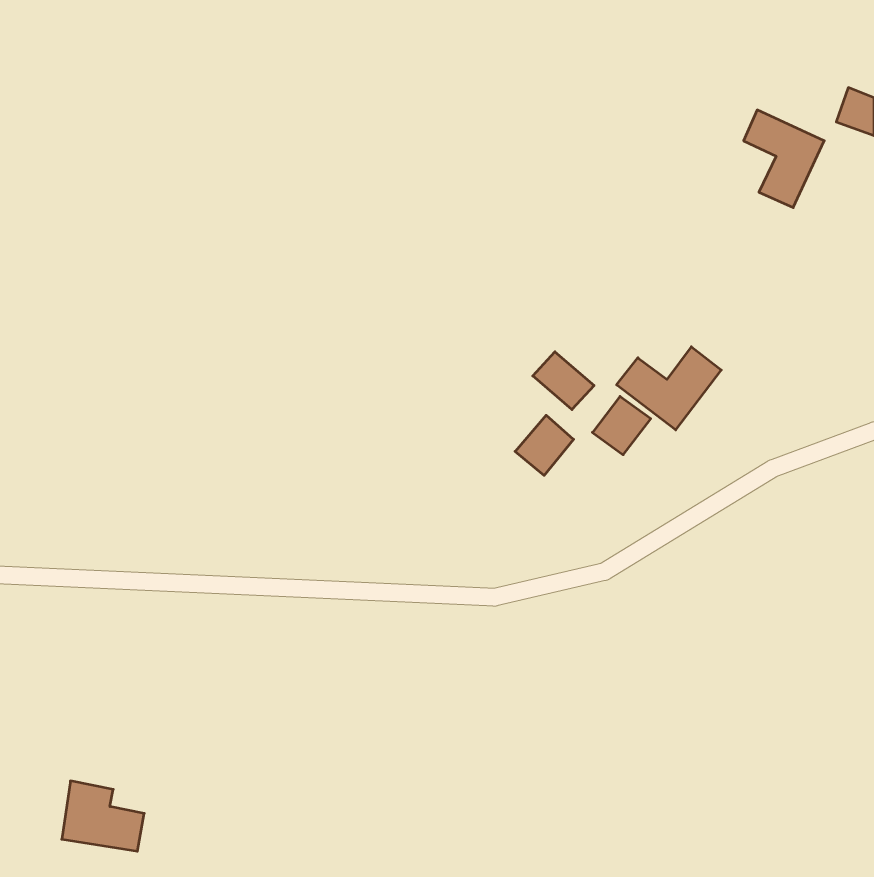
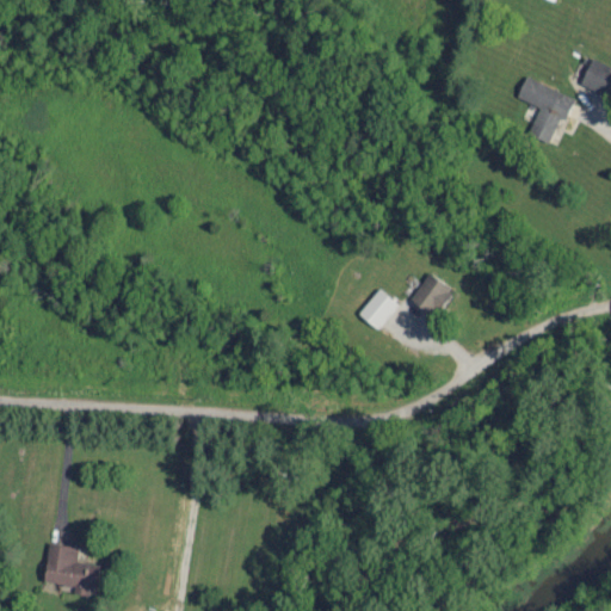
building: [617,347,721,430] -> none
building: [533,352,594,410] -> none

